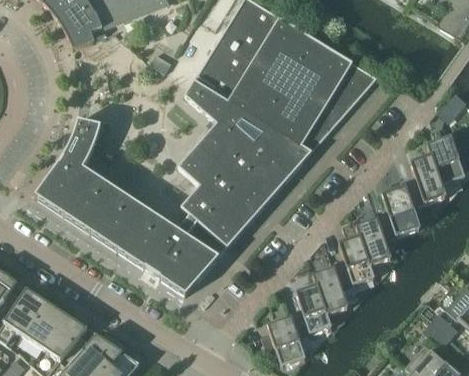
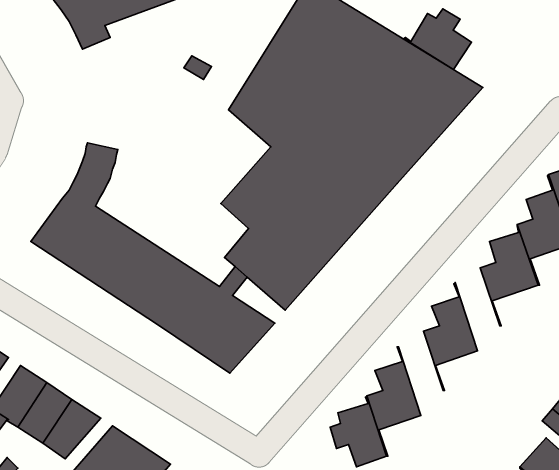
building: none -> [404,9,471,70]
building: [357,214,391,277] -> none
building: [314,262,348,326] -> none

